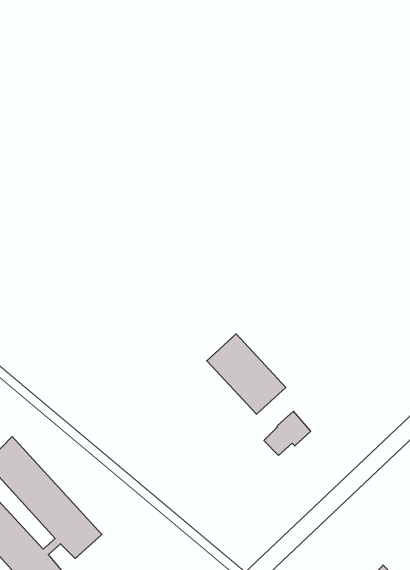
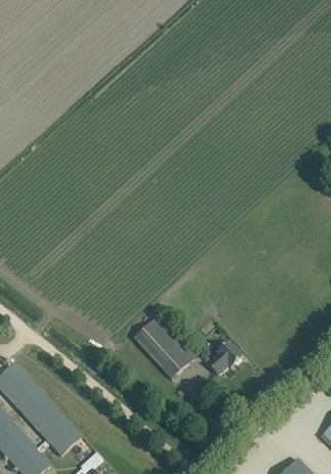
building: [207,334,286,414] -> [133,317,194,379]

